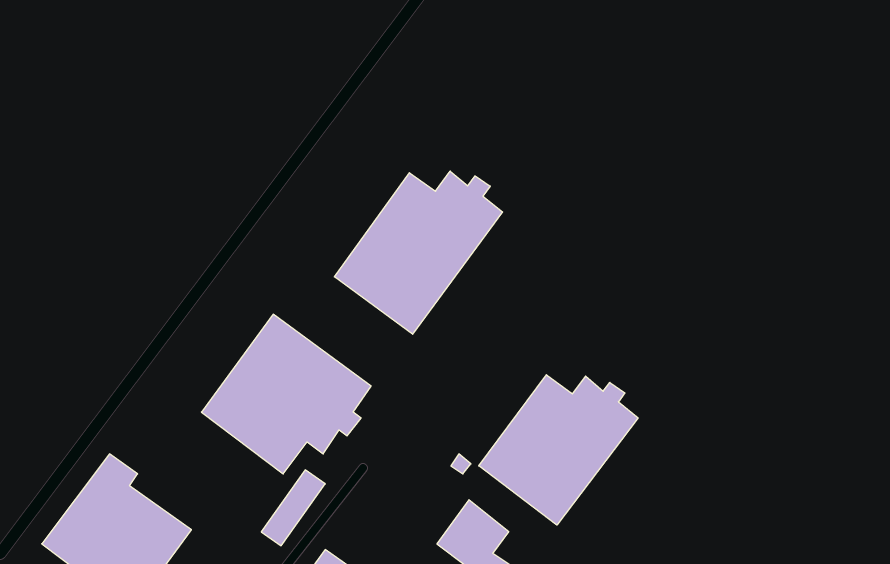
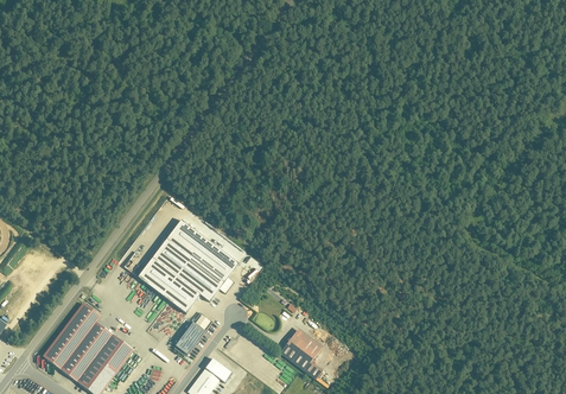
building: [334,171,503,334] -> none
building: [479,375,638,525] -> none

